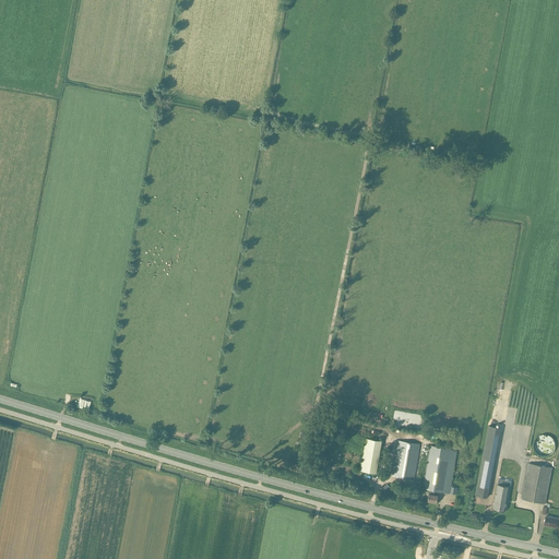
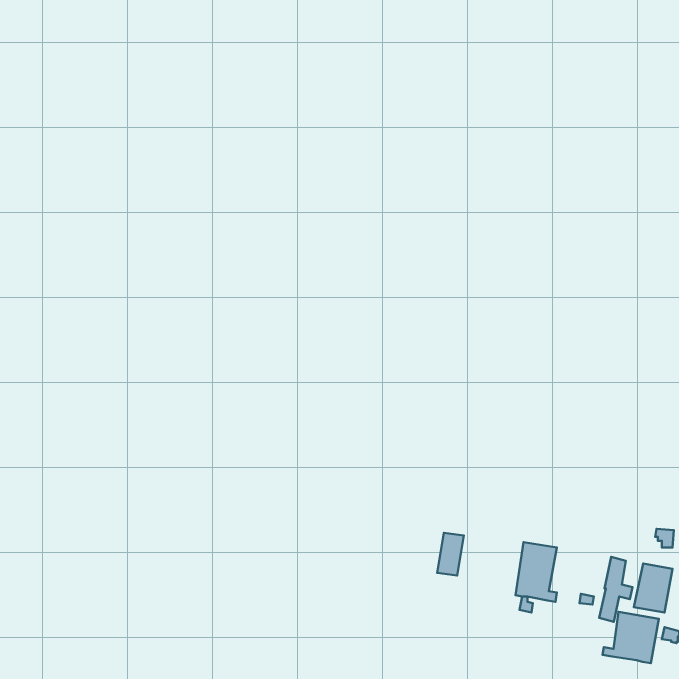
building: [392,440,420,480] -> none
building: none -> [602,612,659,663]

